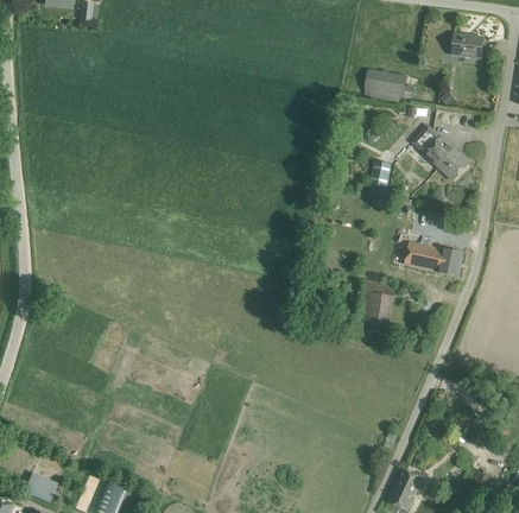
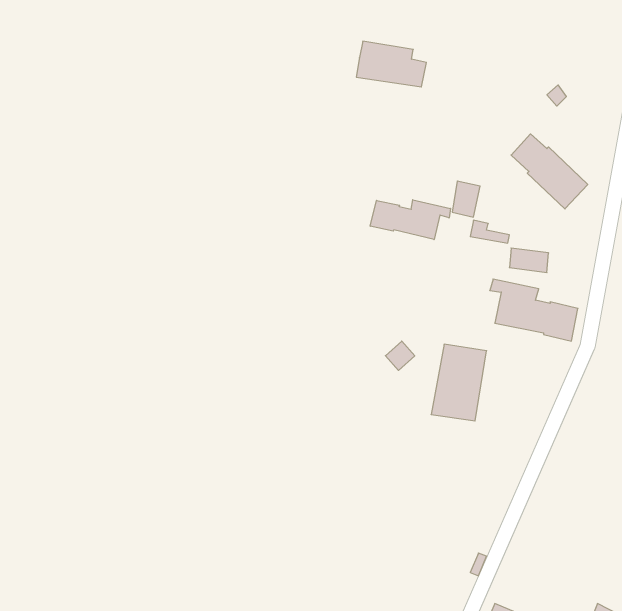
building: [451,33,483,57] -> none
building: [365,70,416,103] -> [356,41,426,87]
building: none -> [370,200,451,240]

